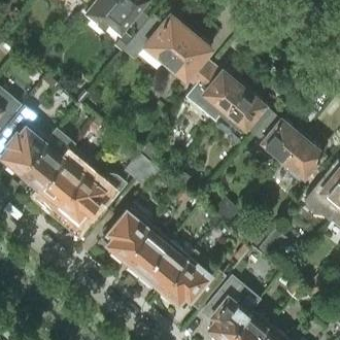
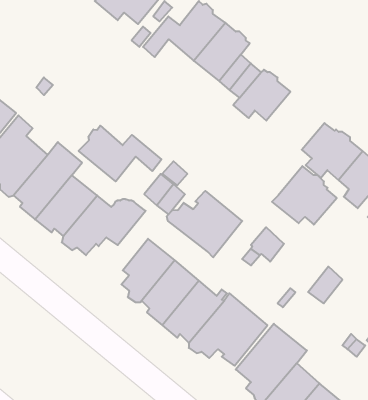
building: [218,88,271,135] -> [272,166,337,225]
building: none -> [79,126,161,181]
building: none -> [167,191,242,257]

